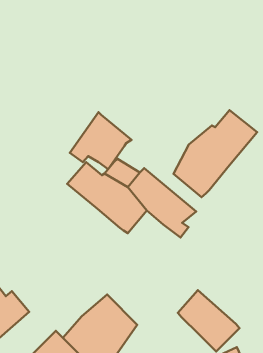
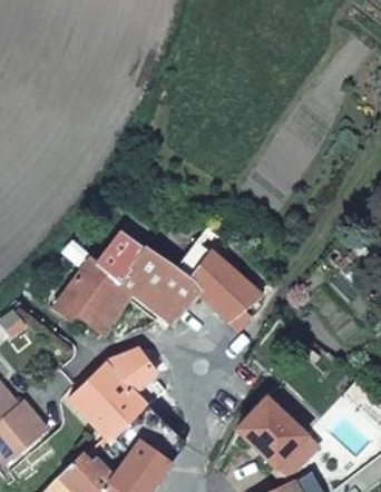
building: [174,110,257,197] -> none
building: [70,112,131,169] -> [56,257,135,331]
building: none -> [68,347,158,431]

